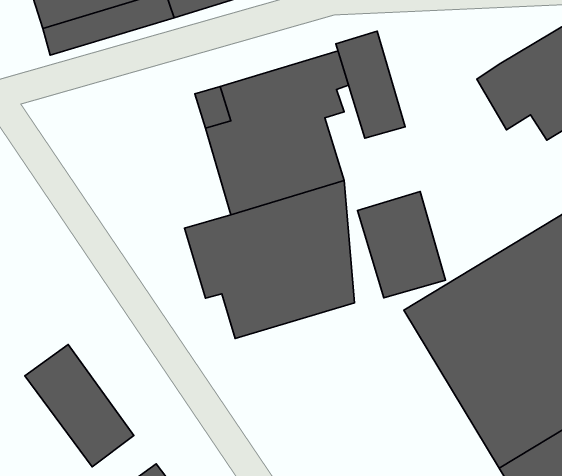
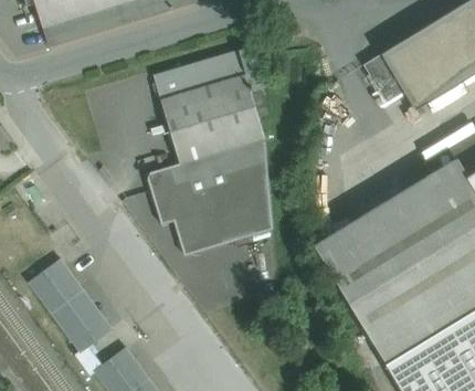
building: [336,31,405,138] -> none
building: [357,192,445,298] -> none

